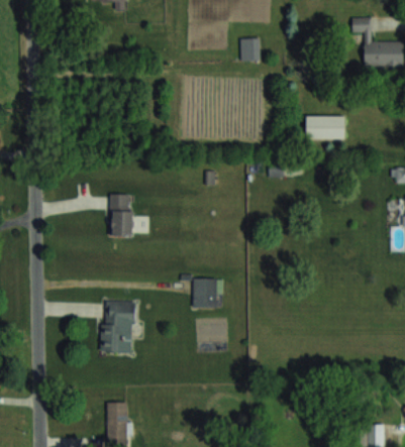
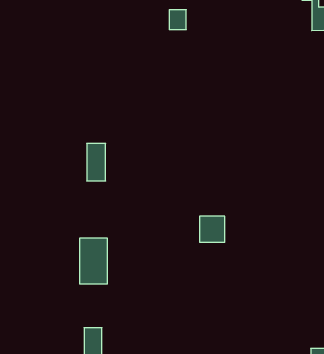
building: [240,38,260,61] -> [169,10,186,30]
building: [306,117,344,139] -> none
building: [193,278,221,308] -> [200,216,225,242]

